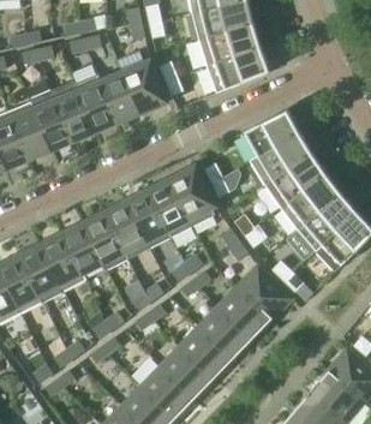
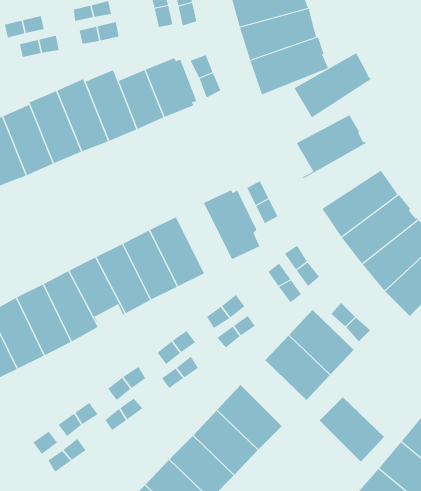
building: [249,132,311,185] -> [294,52,371,118]
building: [146,180,191,237] -> none
building: [198,306,251,359] -> [319,397,385,462]

